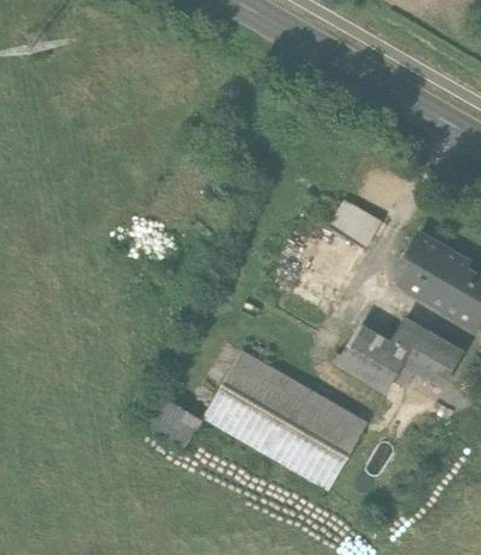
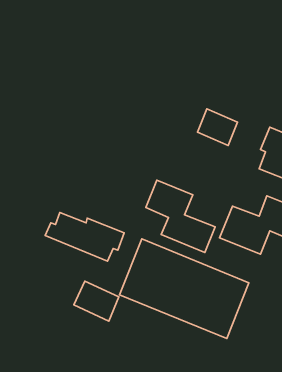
building: none -> [146,180,215,253]
building: none -> [45,213,124,261]

